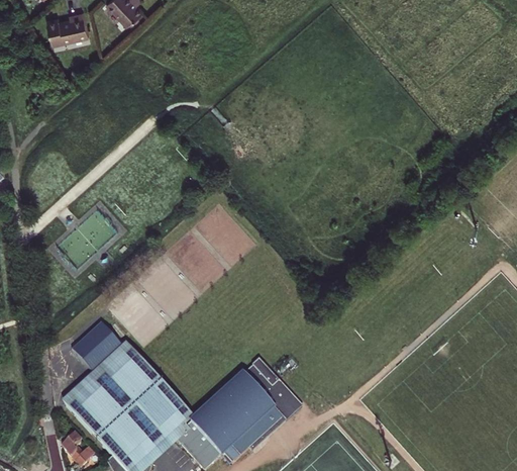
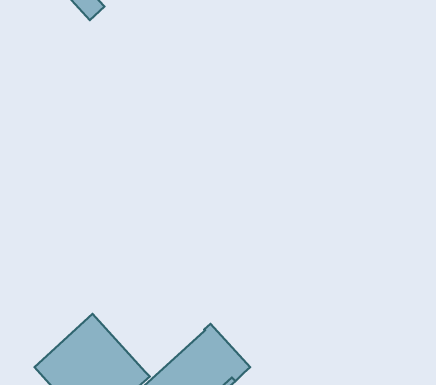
building: [46,10,88,42] -> none
building: [73,322,122,372] -> none

